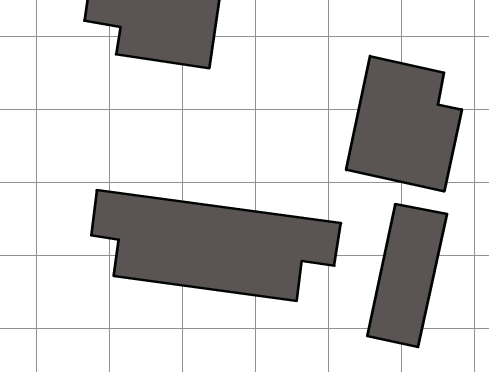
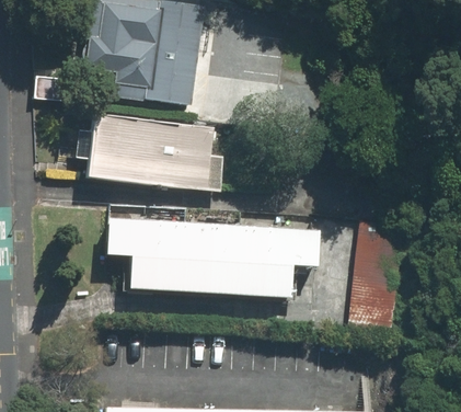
building: [346,56,462,191] -> none
building: none -> [88,114,227,191]

